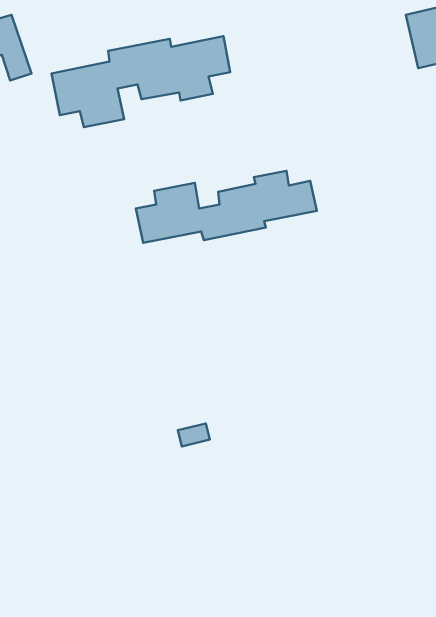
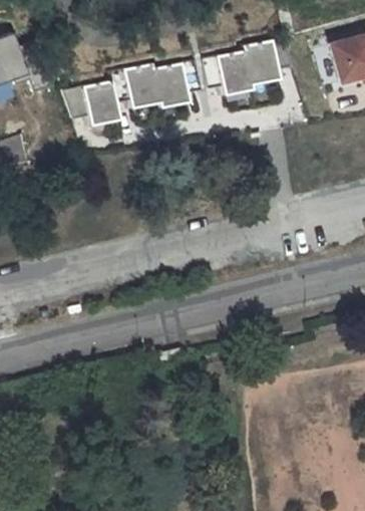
building: none -> [205,38,292,95]
building: [136,171,317,243] -> none

